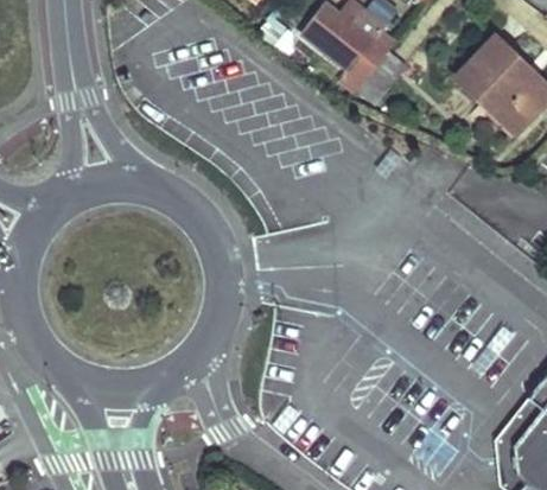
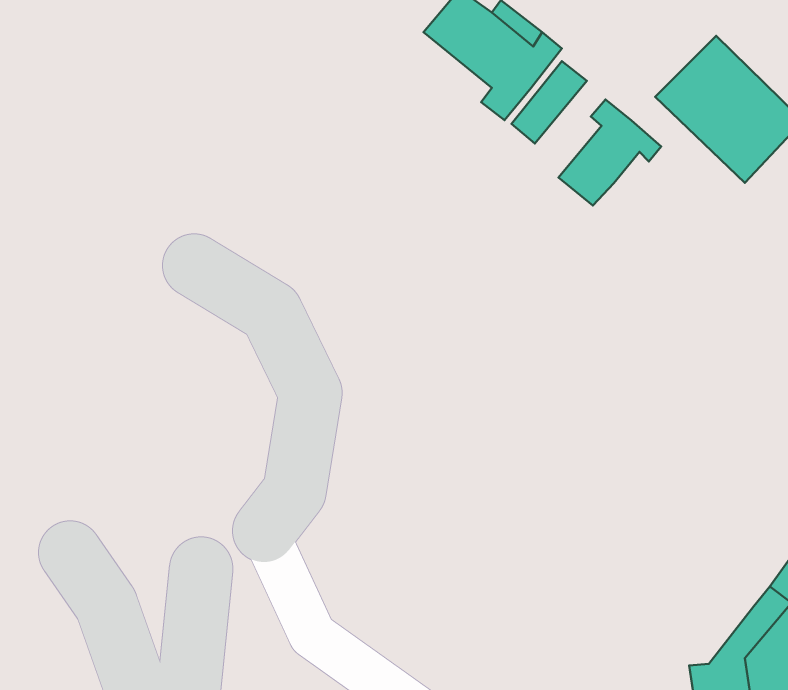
building: none -> [559,100,661,205]

